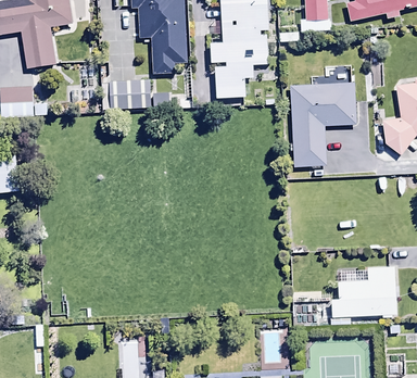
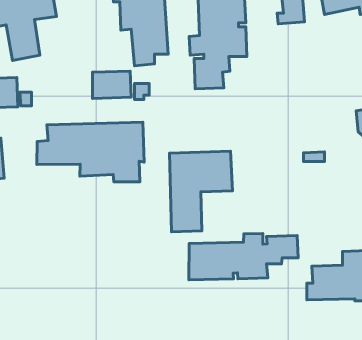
building: [291,83,356,166] -> [169,151,232,232]
building: none -> [37,122,144,182]
building: none -> [189,233,298,280]

